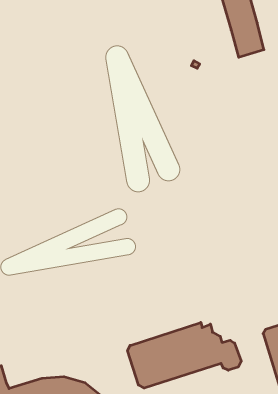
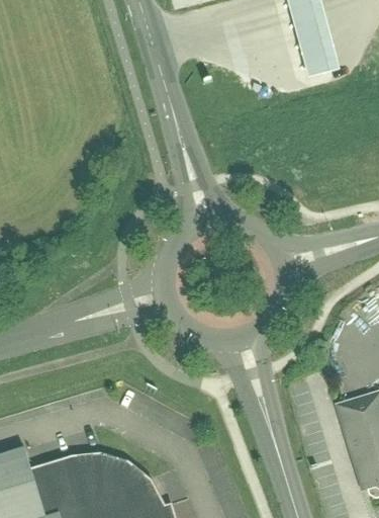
building: [128,322,241,388] -> none

